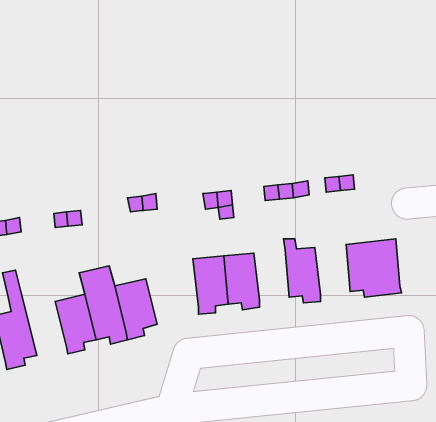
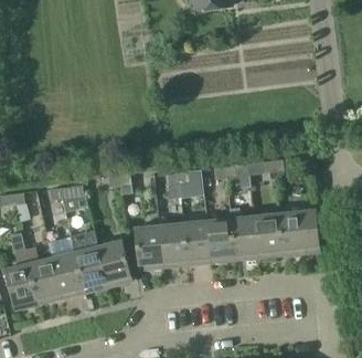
building: none -> [253,213,280,257]
building: none -> [205,218,233,262]
building: none -> [134,224,162,268]
building: none -> [24,249,61,302]

